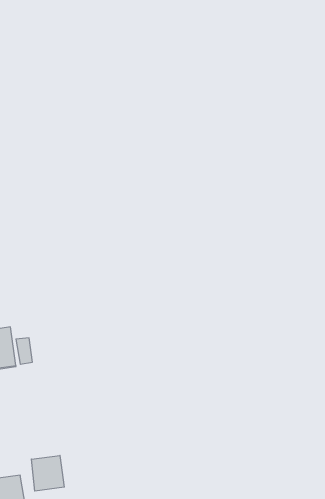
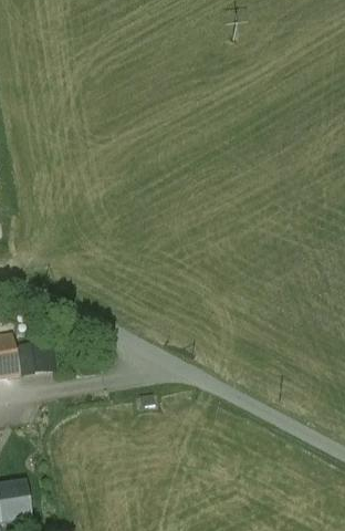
building: [31,455,64,491] -> none

